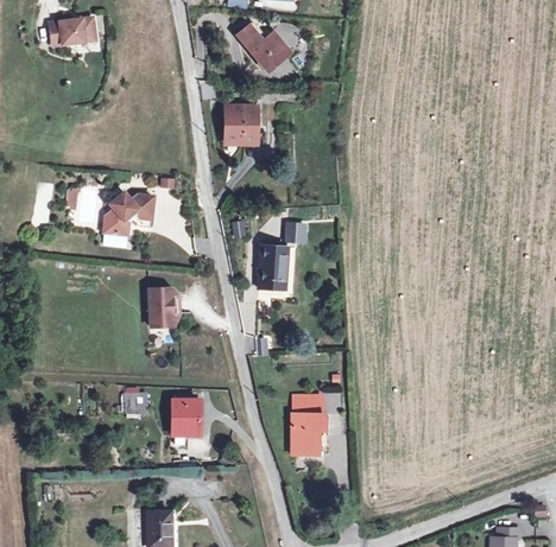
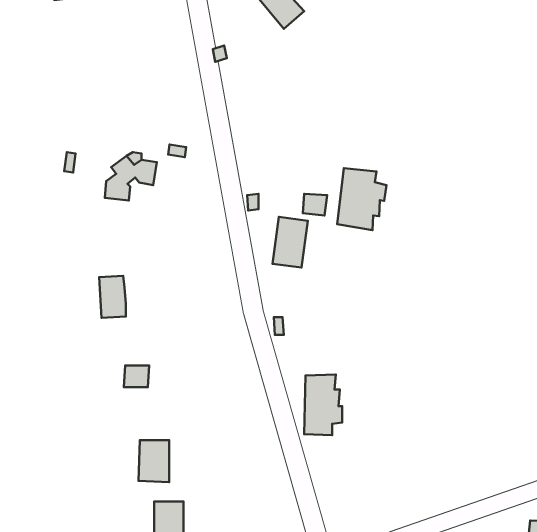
building: [227,108,260,146] -> none
building: none -> [337,168,387,230]
building: [150,285,175,324] -> [99,276,126,318]
building: [168,394,196,433] -> [139,440,169,482]

